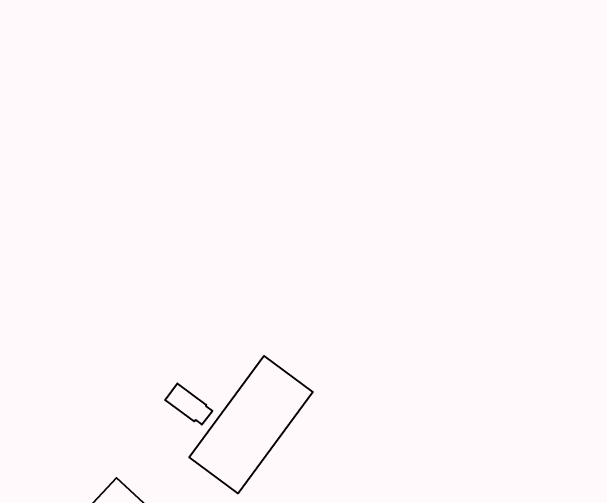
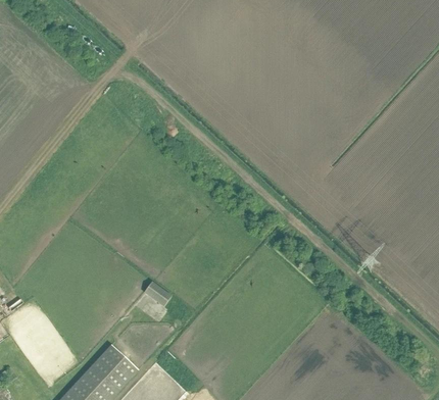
building: [189,356,313,493] -> none

